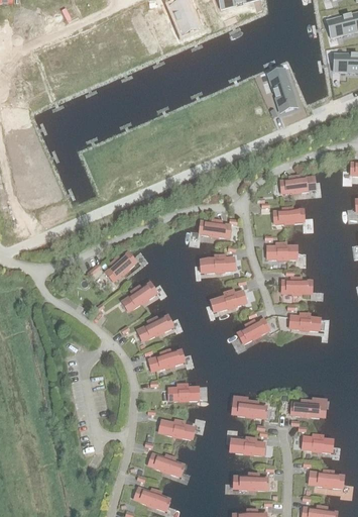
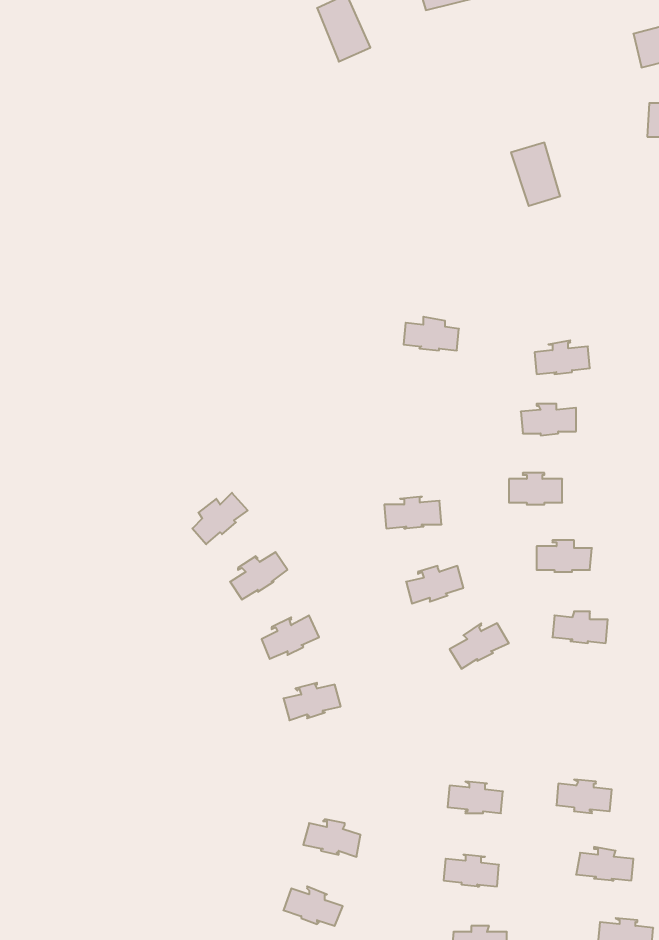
building: [201,219,229,236] -> [404,317,459,350]
building: [169,385,198,401] -> none

